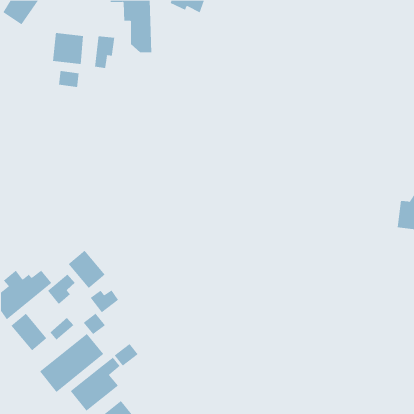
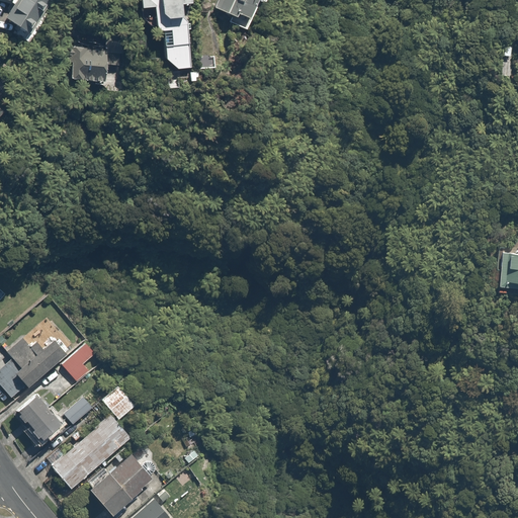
building: [95,35,115,69] -> none
building: [59,70,79,88] -> none
building: [68,250,106,289] -> none
building: [90,289,119,313] -> none
building: [114,343,139,367] -> none

